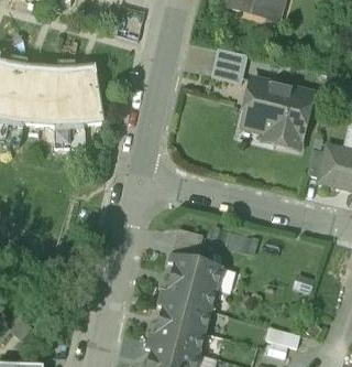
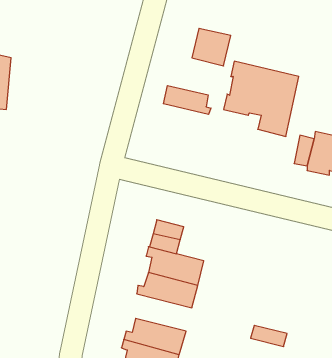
building: [37,57,102,145] -> none
building: none -> [163,86,211,114]
building: [157,295,211,331] -> none

